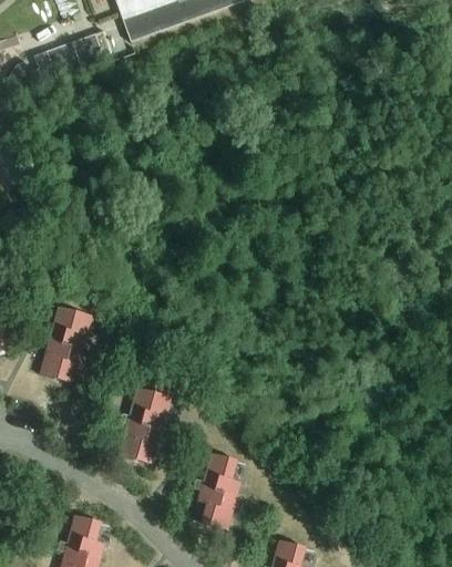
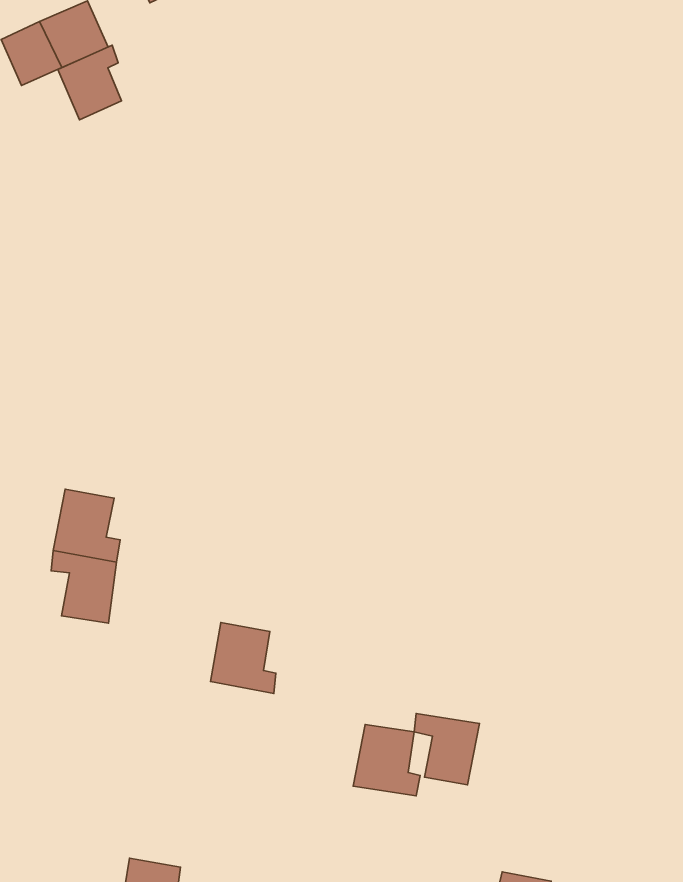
building: none -> [58,45,121,120]
building: [125,419,163,462] -> none
building: [199,484,236,526] -> [414,714,479,785]

